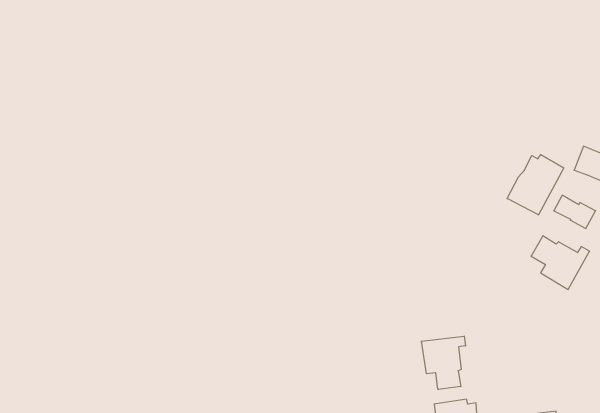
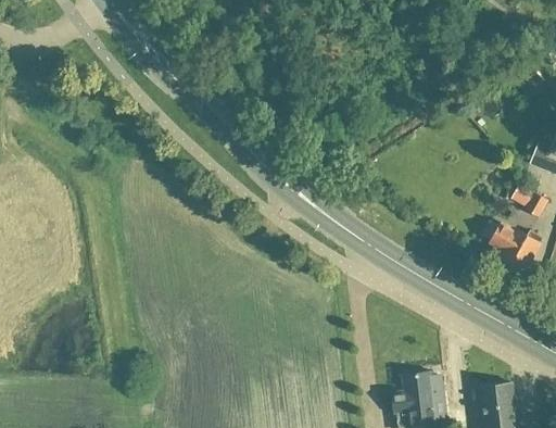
building: [507,155,564,215] -> none
building: [422,336,465,390] -> none

